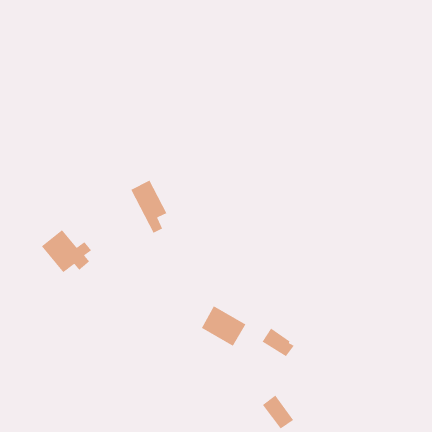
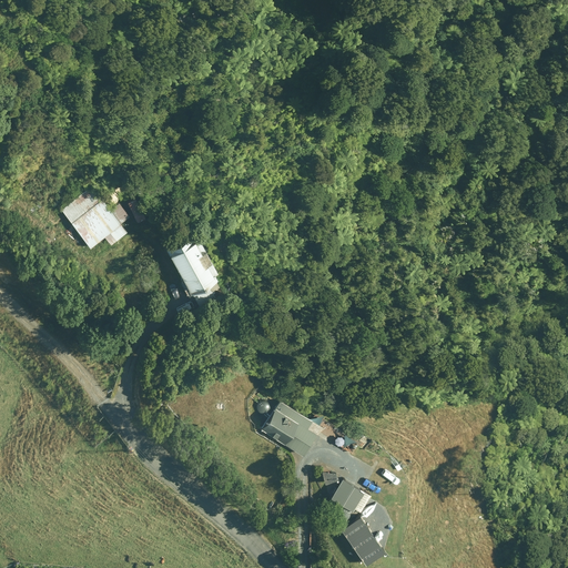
building: [41,229,92,273] -> [61,191,128,248]
building: [262,328,295,357] -> [331,479,374,518]

